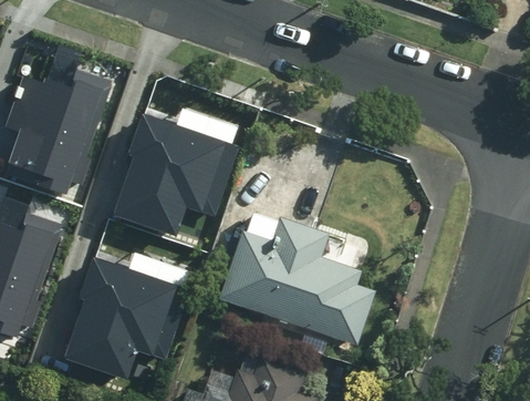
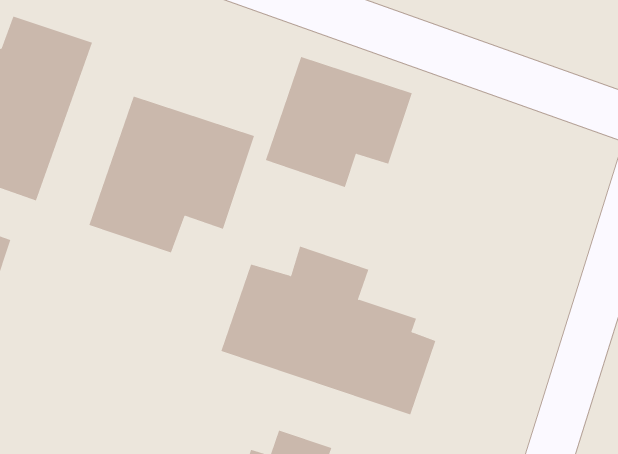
building: none -> [265,56,412,188]
building: [65,244,187,370] -> none

